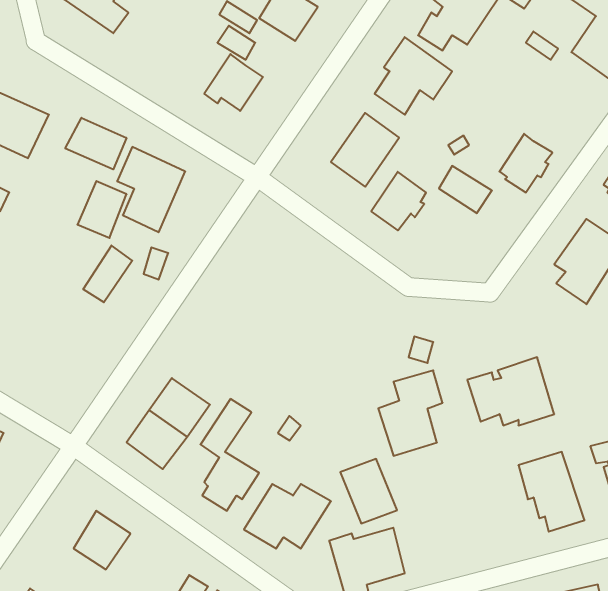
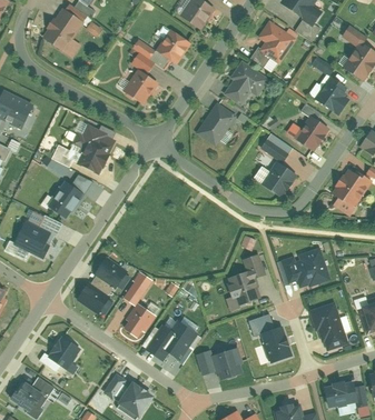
building: none -> [315,74,348,114]
building: [65,118,126,169] -> none
building: [371,172,426,230] -> [264,161,296,196]
building: none -> [14,210,57,256]
building: [340,459,397,523] -> [259,326,293,363]

